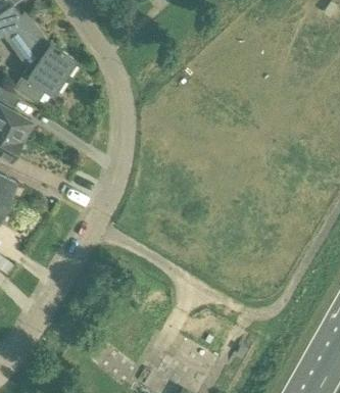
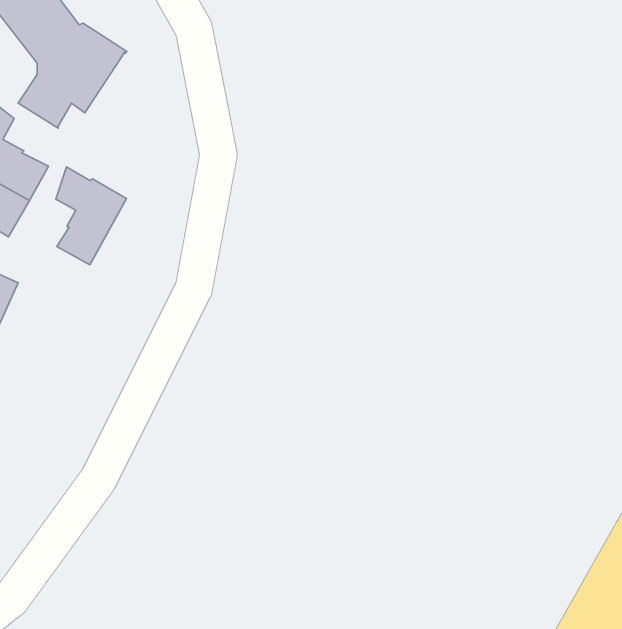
building: none -> [56,167,127,265]

